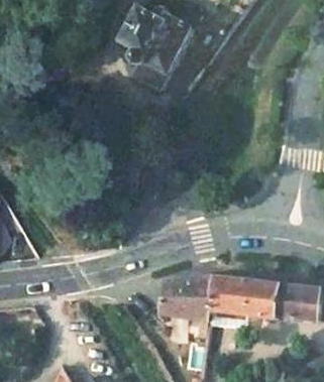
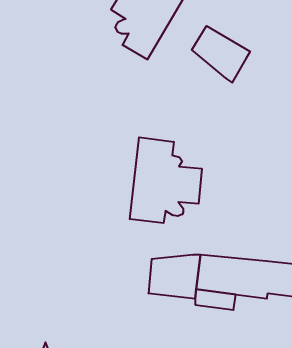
building: none -> [192,26,250,83]
building: none -> [130,137,202,223]

